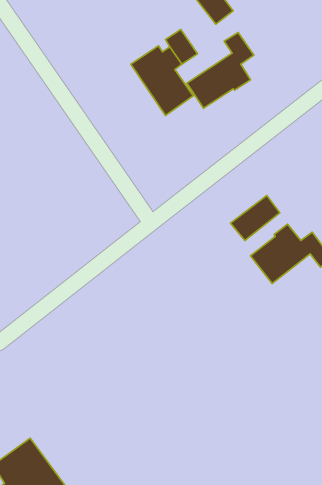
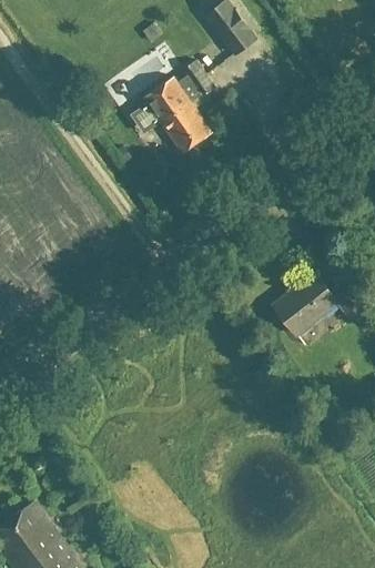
building: [187,32,254,108] -> none
building: [231,196,280,241] -> none

